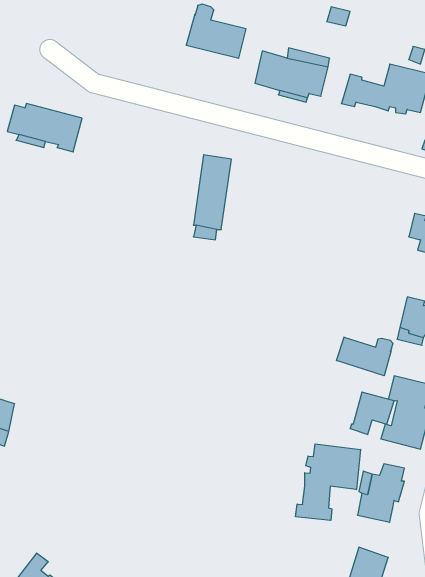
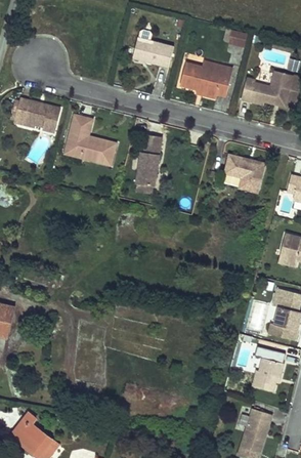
building: none -> [64,114,117,165]
building: none -> [225,155,266,193]
building: [337,337,393,376] -> none
building: [296,444,360,520] -> none

